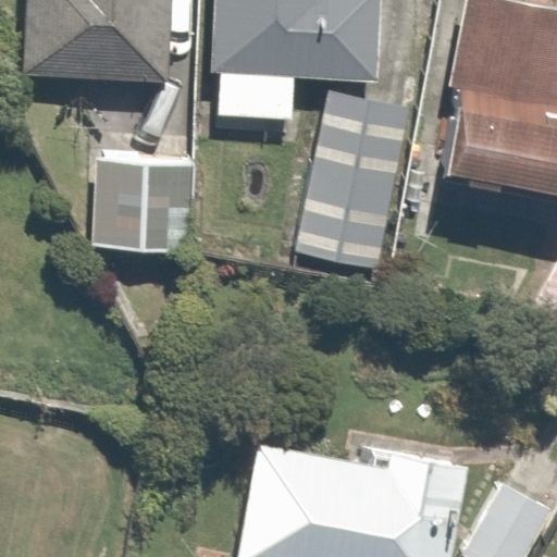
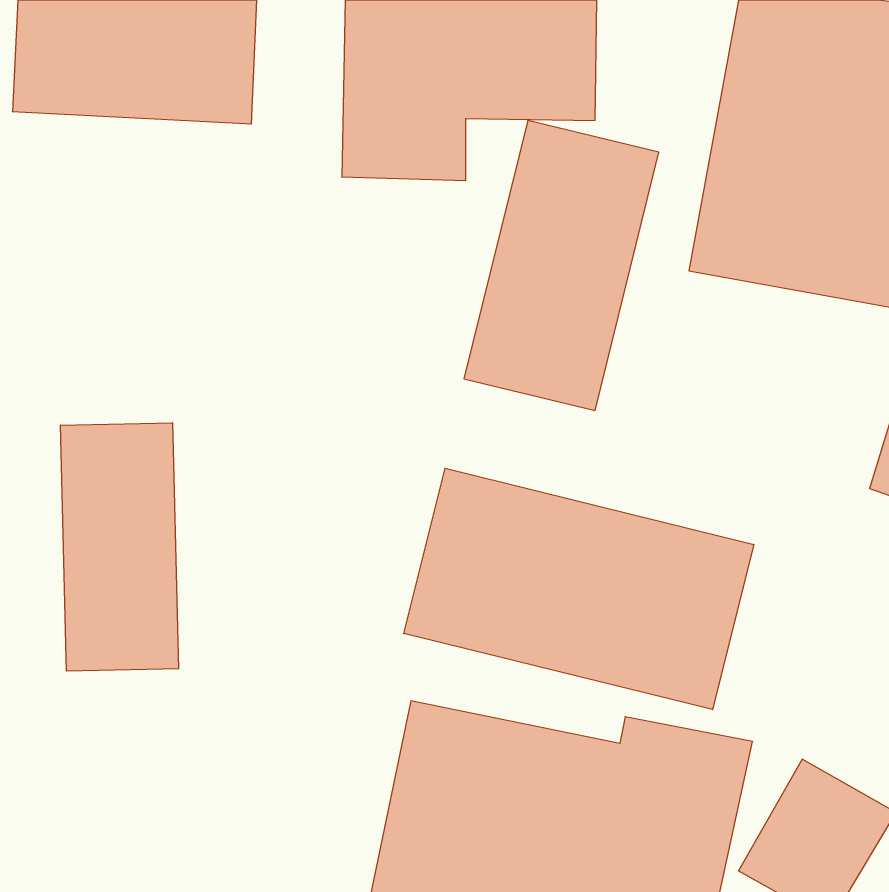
building: [89,149,178,239] -> none
building: none -> [61,423,179,671]
building: none -> [404,468,754,710]

